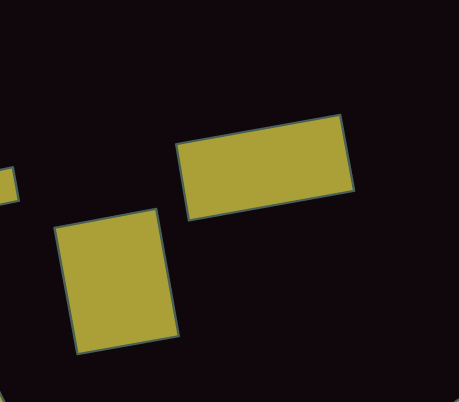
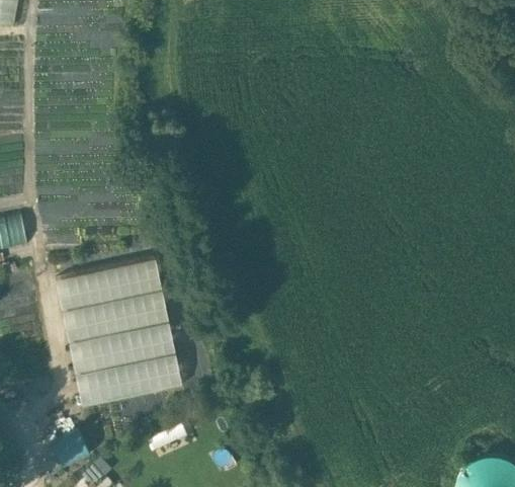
building: [176,115,354,220] -> none

